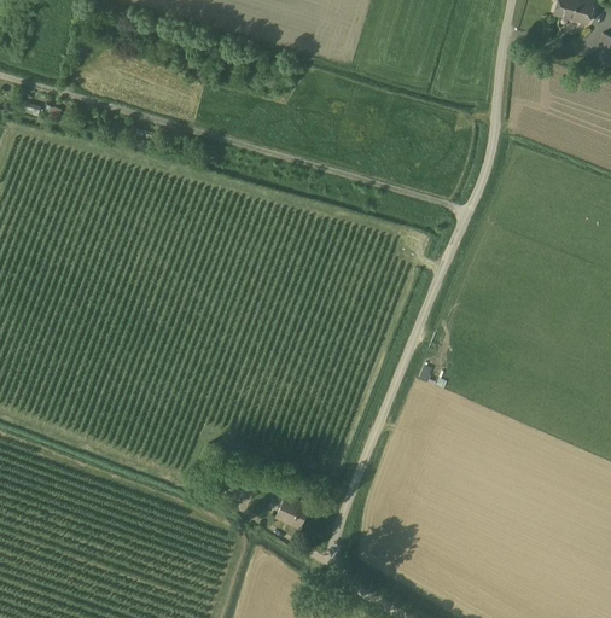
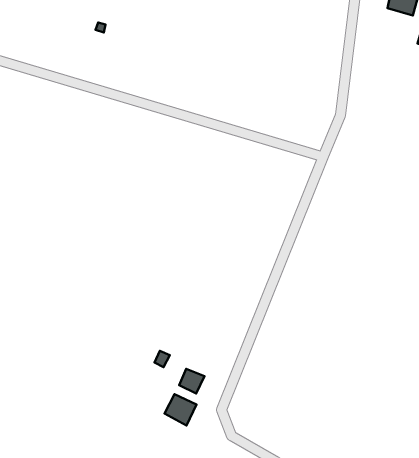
building: none -> [165,394,196,426]

